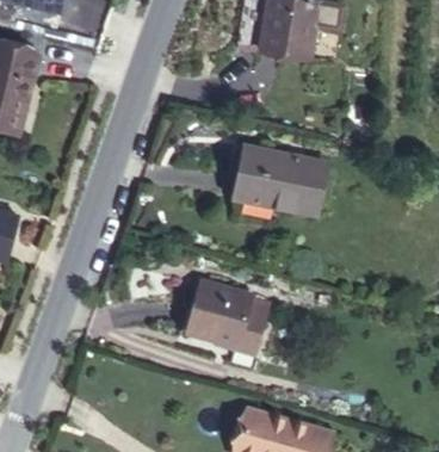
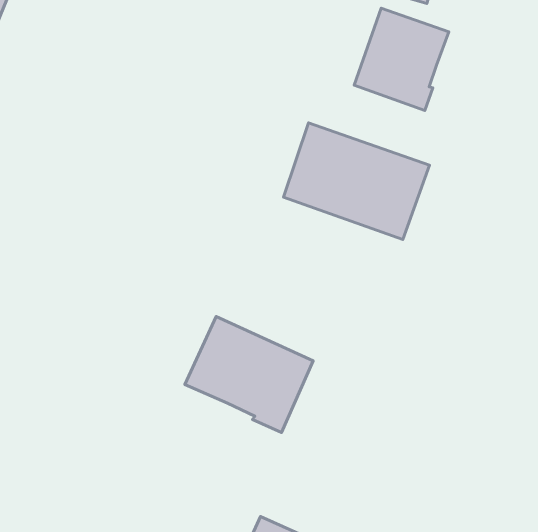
building: none -> [354,8,449,111]

